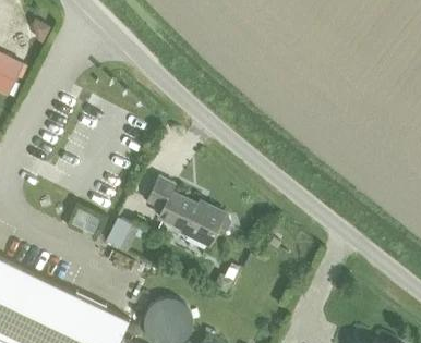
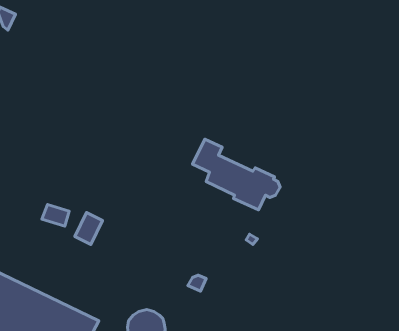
building: [146,179,230,246] -> [192,139,280,210]

